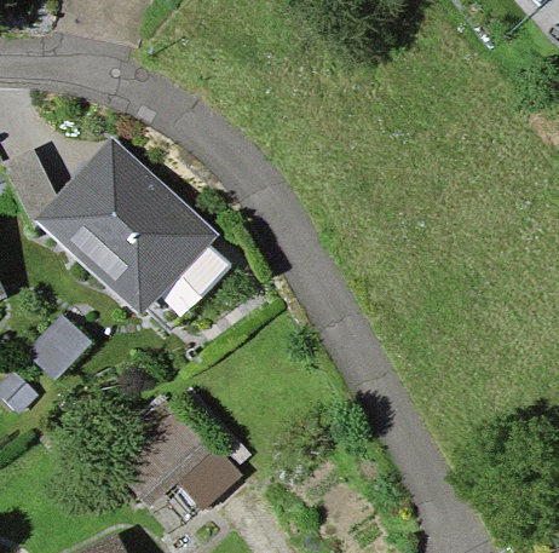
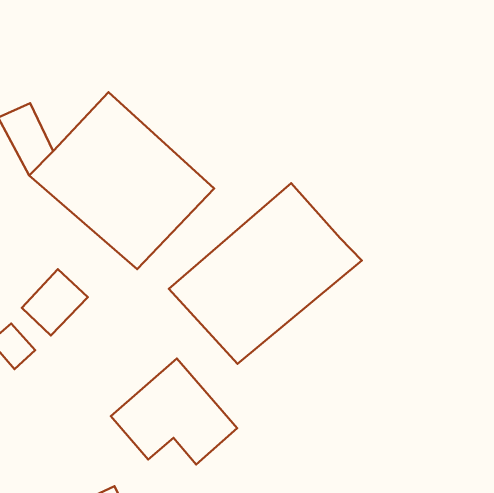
building: none -> [169,183,362,364]

